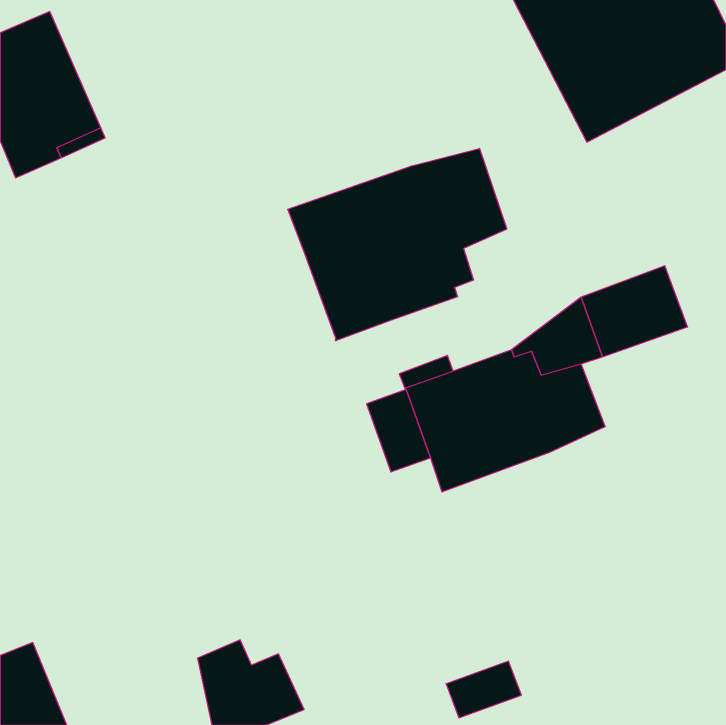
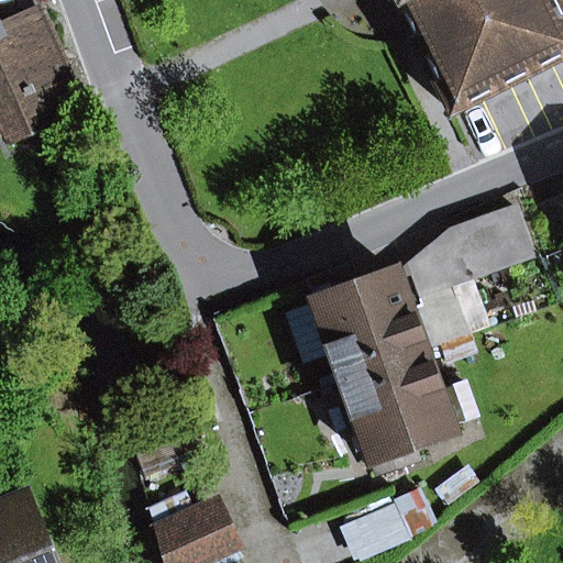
building: [288,148,507,341] -> none
building: none -> [342,350,477,465]

